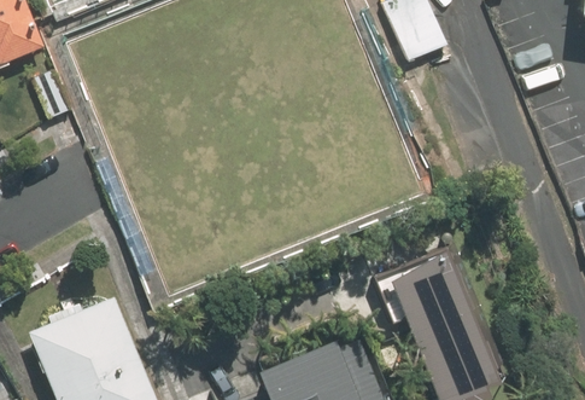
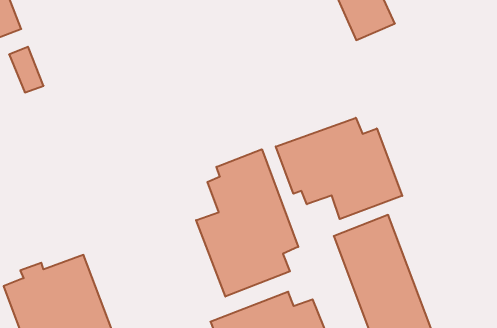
building: none -> [276,118,402,219]
building: none -> [196,149,298,297]

